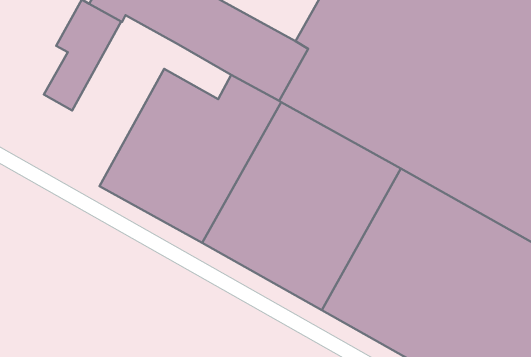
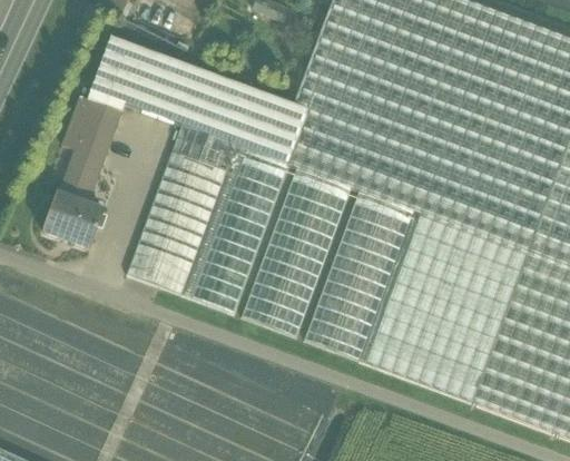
building: none -> [170,124,236,170]
building: none -> [43,193,104,248]

